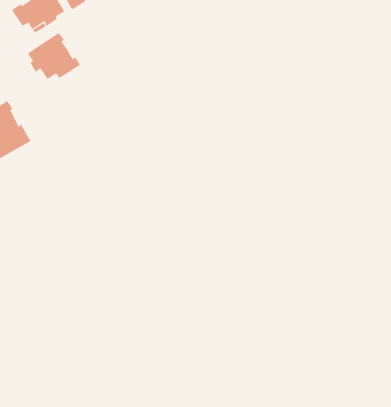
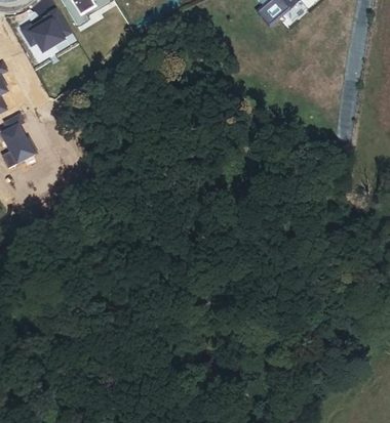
building: [27,32,81,80] -> none

